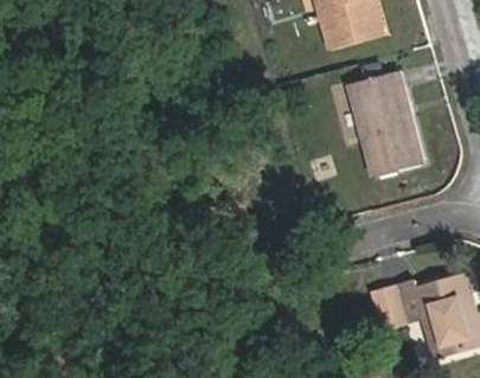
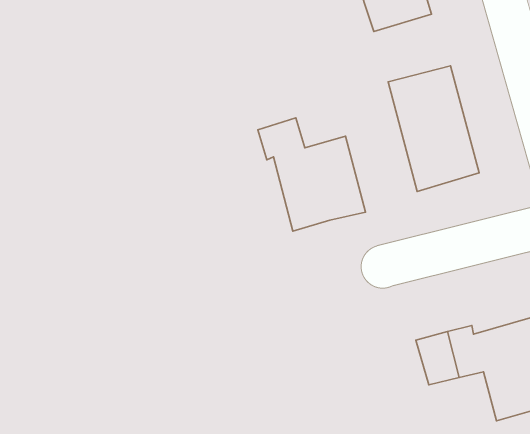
building: none -> [258,118,365,231]

